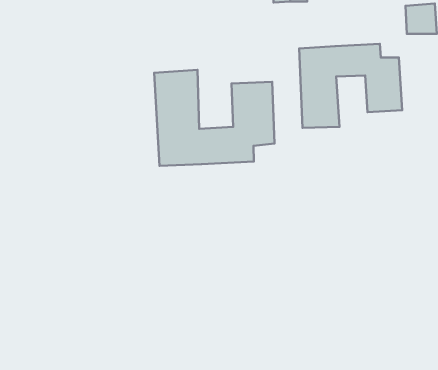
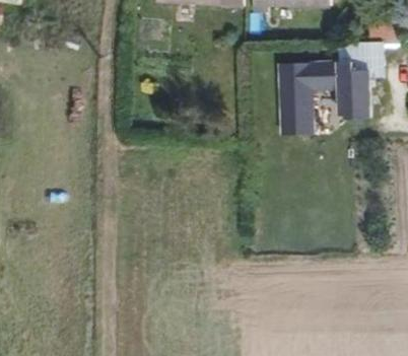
building: [154,70,275,166] -> none

